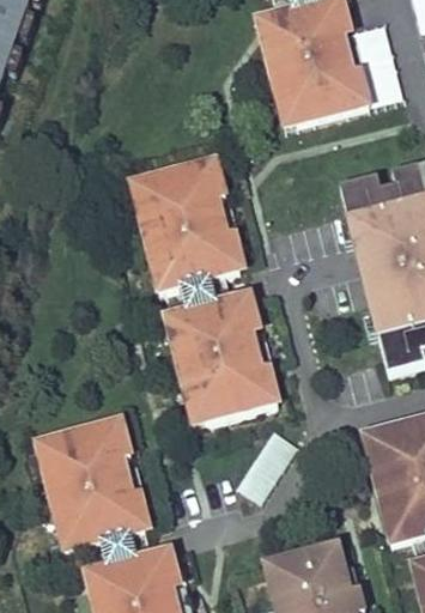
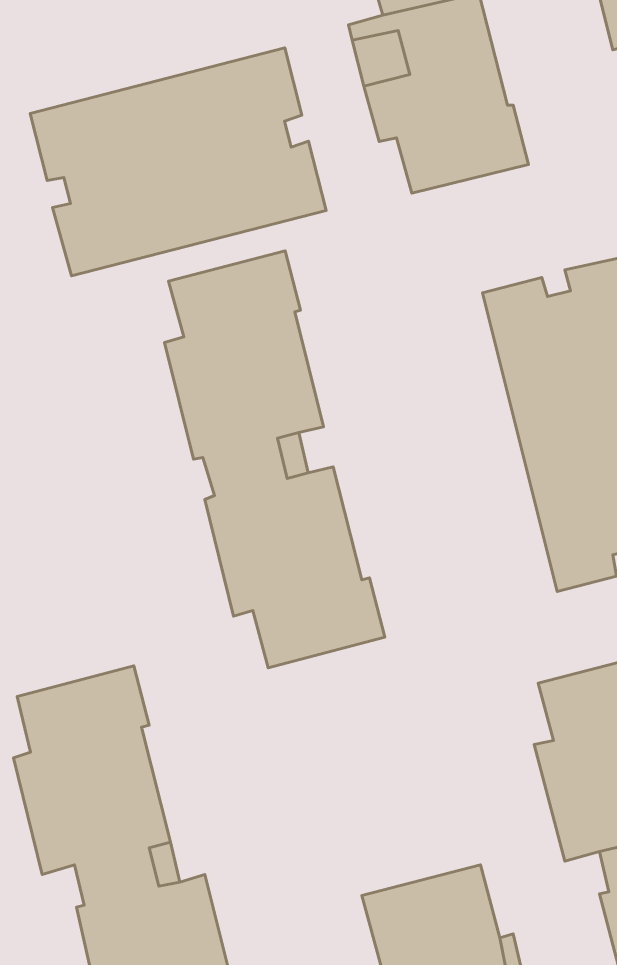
building: none -> [30,48,326,276]
building: [237,430,296,504] -> none

